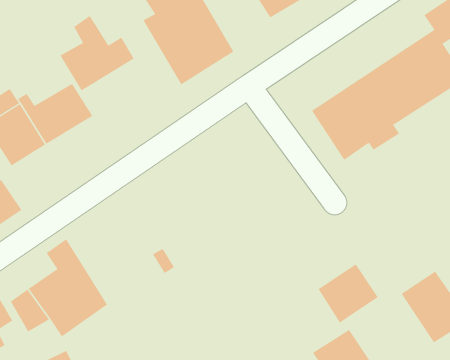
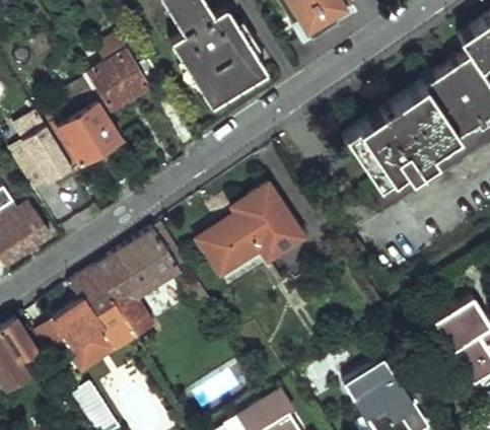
building: none -> [192,183,301,271]
building: none -> [93,226,183,336]
building: [318,264,379,324] -> none

